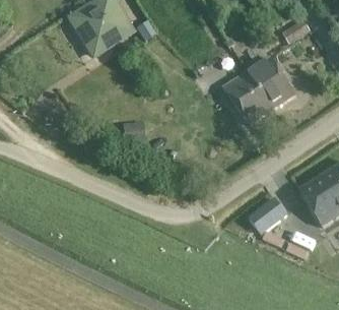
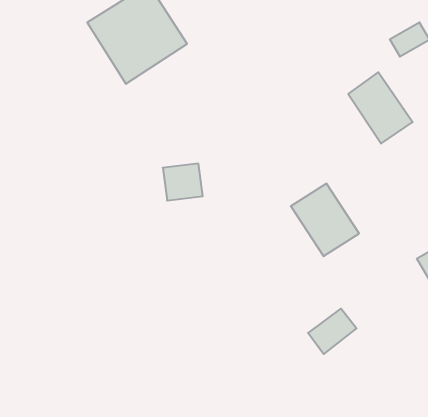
building: [225,69,274,121] -> [291,184,359,256]
building: [252,196,286,229] -> [308,309,357,354]

